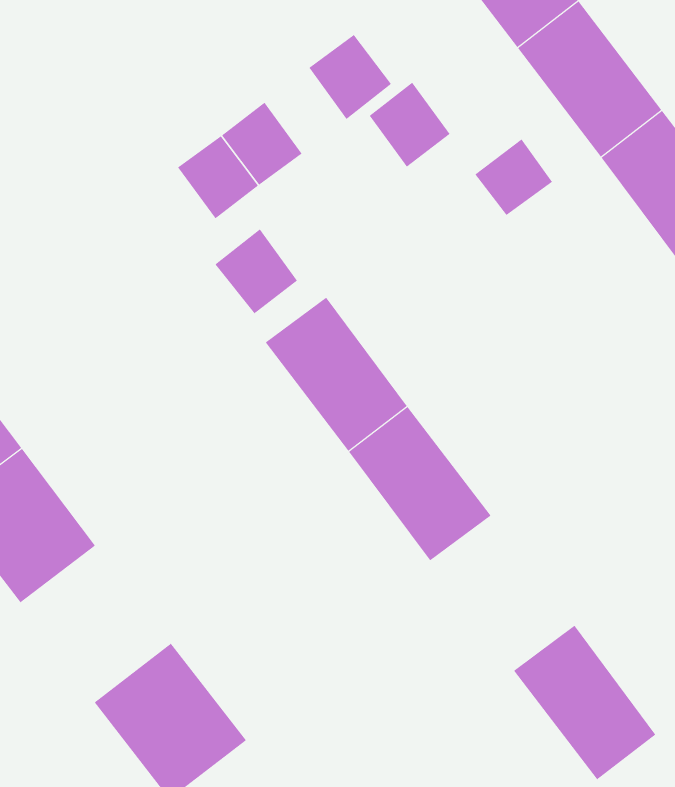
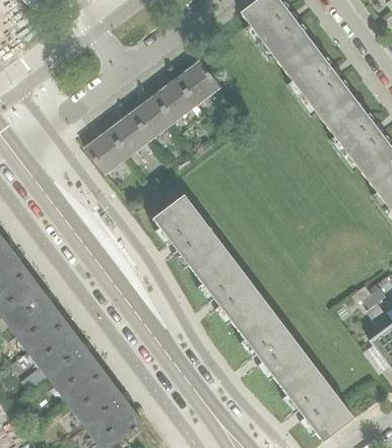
building: [369,82,450,168] -> [153,78,195,122]
building: [475,139,553,216] -> none
building: [214,229,298,314] -> [85,129,128,173]
building: none -> [238,307,312,386]
building: none -> [28,322,106,402]

